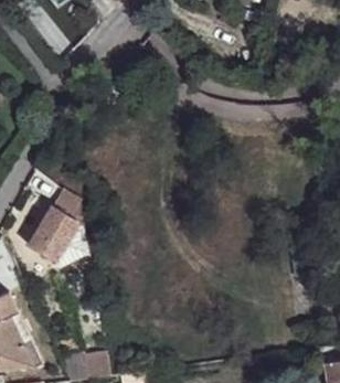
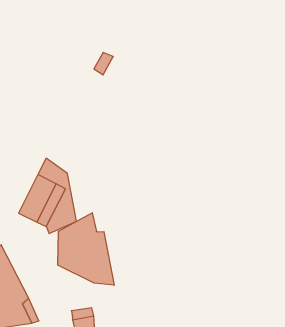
building: none -> [58,213,114,285]

